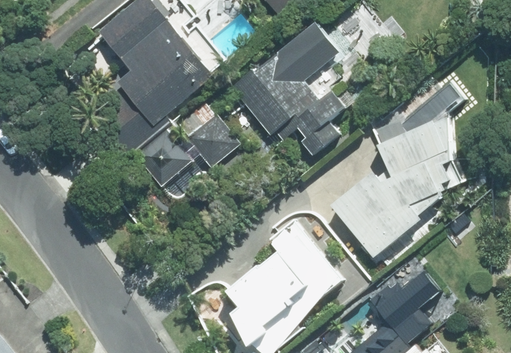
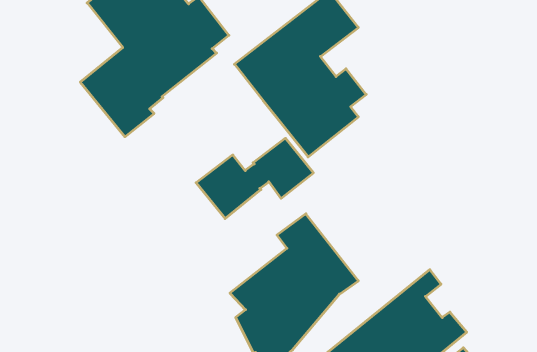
building: [134,114,239,186] -> [196,138,313,219]
building: [330,114,452,256] -> none

